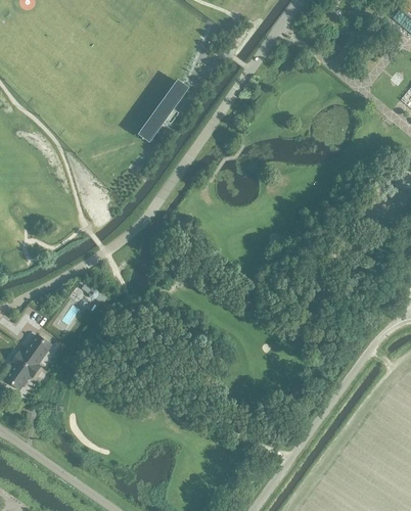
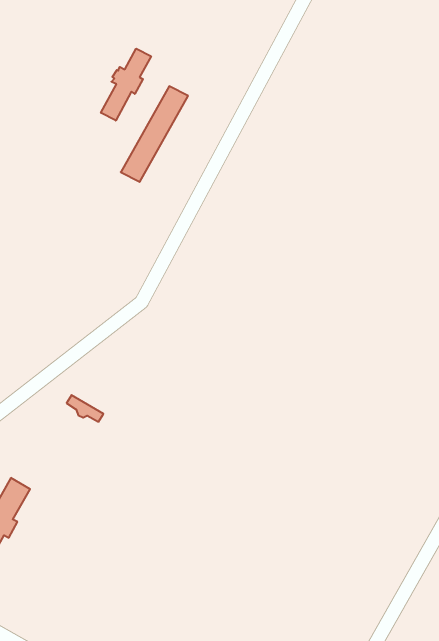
building: none -> [101,49,151,121]

